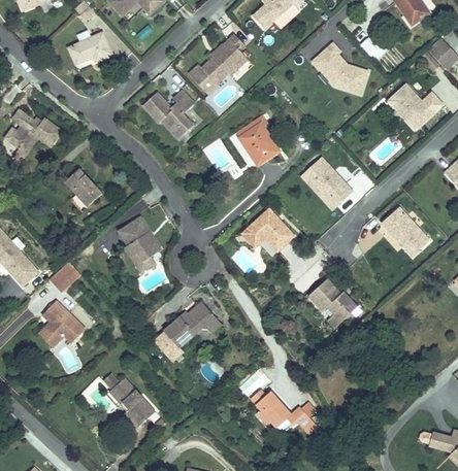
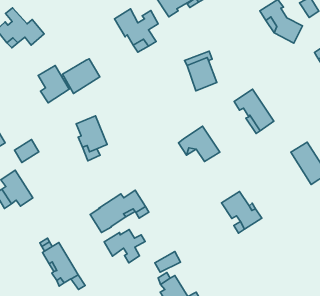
building: none -> [63,59,100,93]
building: none -> [104,229,145,263]

